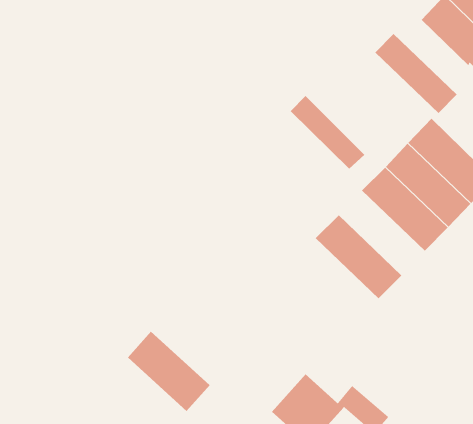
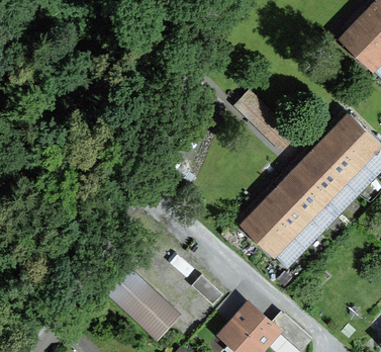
building: [375,33,457,114] -> none
building: none -> [273,166,339,231]
building: none -> [236,202,303,266]

